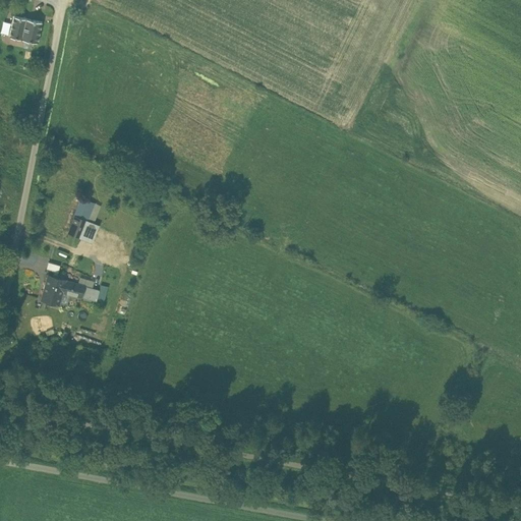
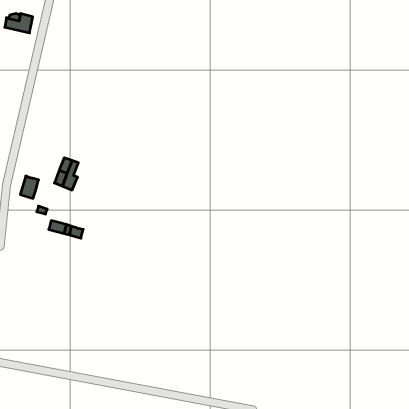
building: [42,276,65,304] -> [20,176,39,198]

